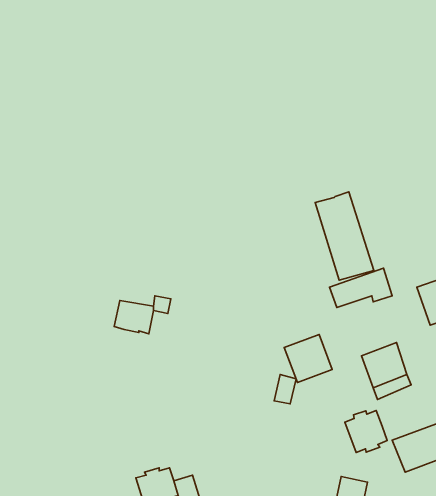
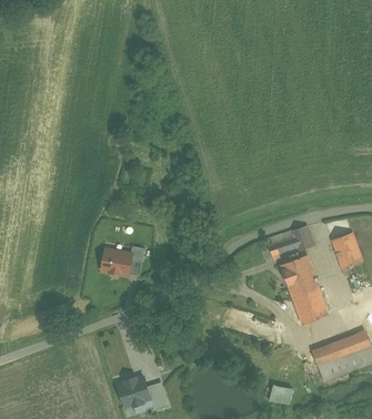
building: [315,192,374,280] -> none
building: [284,334,332,383] -> [280,255,316,292]
building: [345,410,387,453] -> none

